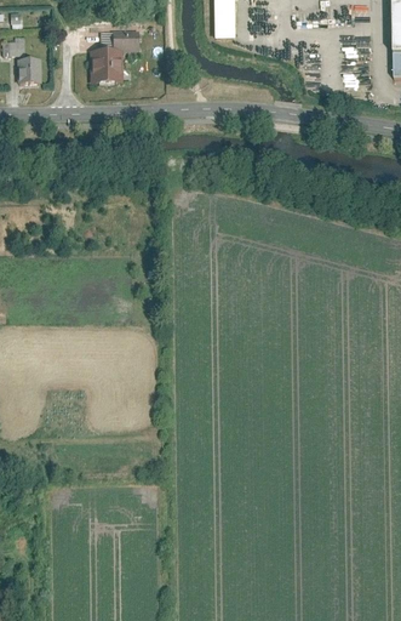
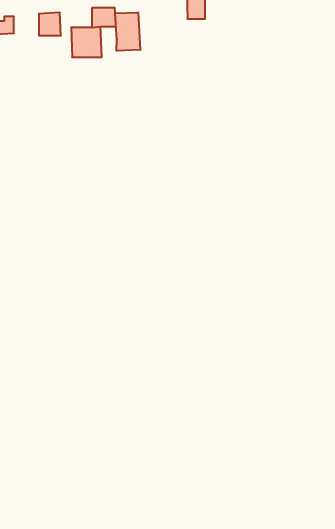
building: none -> [115,12,140,51]
building: [17,57,41,82] -> [39,13,61,36]

